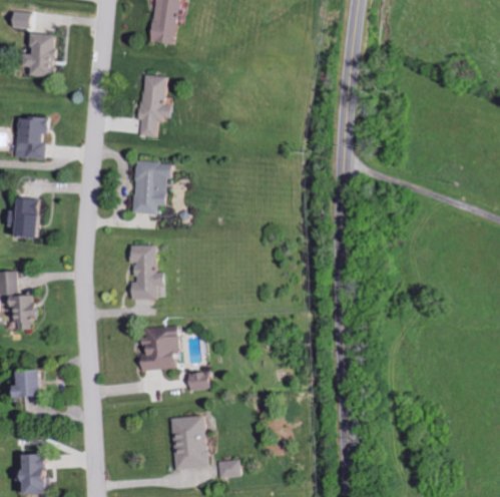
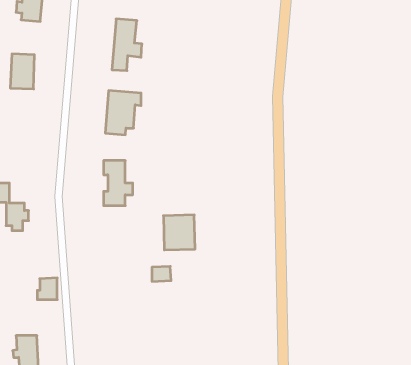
building: [9,196,42,236] -> none
building: [139,328,177,370] -> [163,215,195,250]
building: [18,371,42,397] -> [37,278,57,300]
building: [168,415,207,470] -> none
building: [216,460,238,478] -> none

